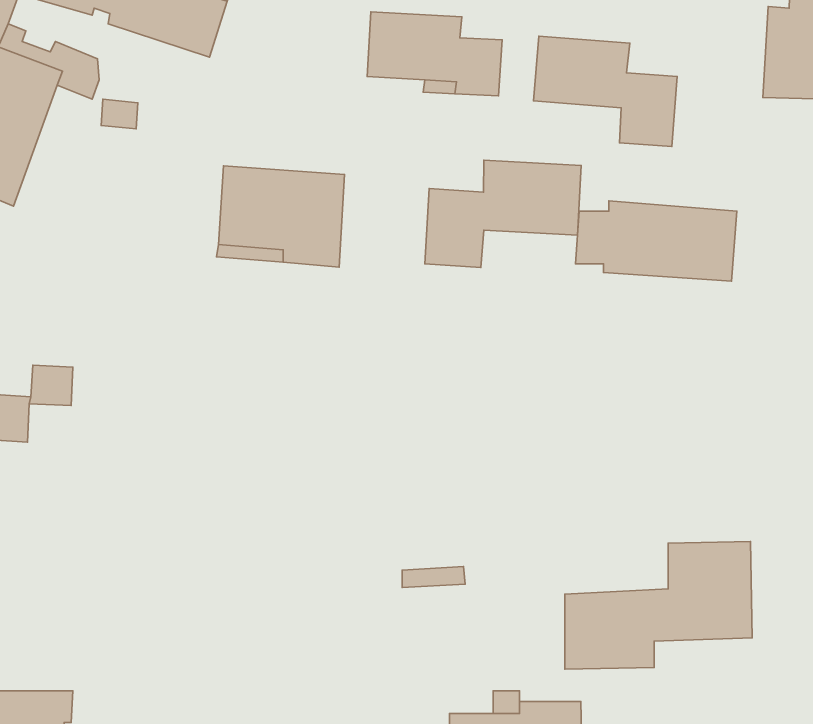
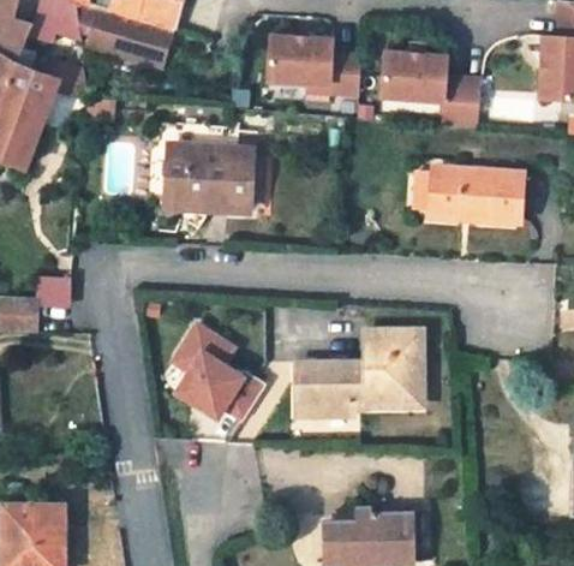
building: [425,160,581,268] -> none
building: none -> [174,324,265,418]
building: [565,541,752,669] -> [294,328,423,416]

